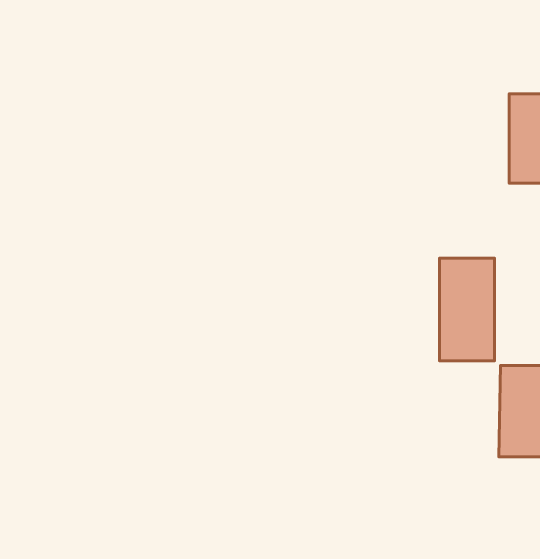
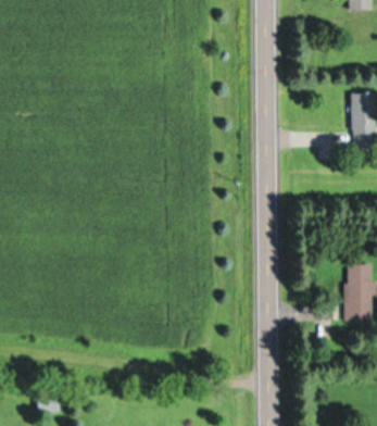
building: [440,258,495,361] -> none

